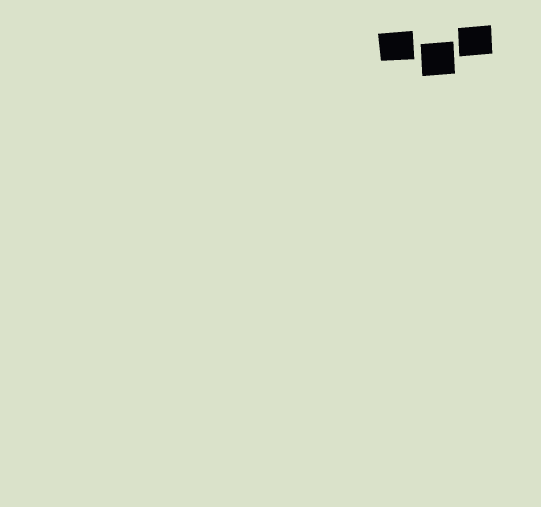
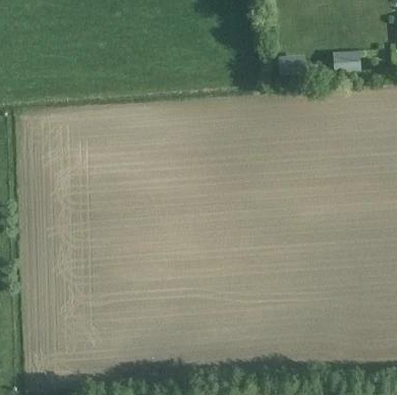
building: [420,41,456,77] -> none

